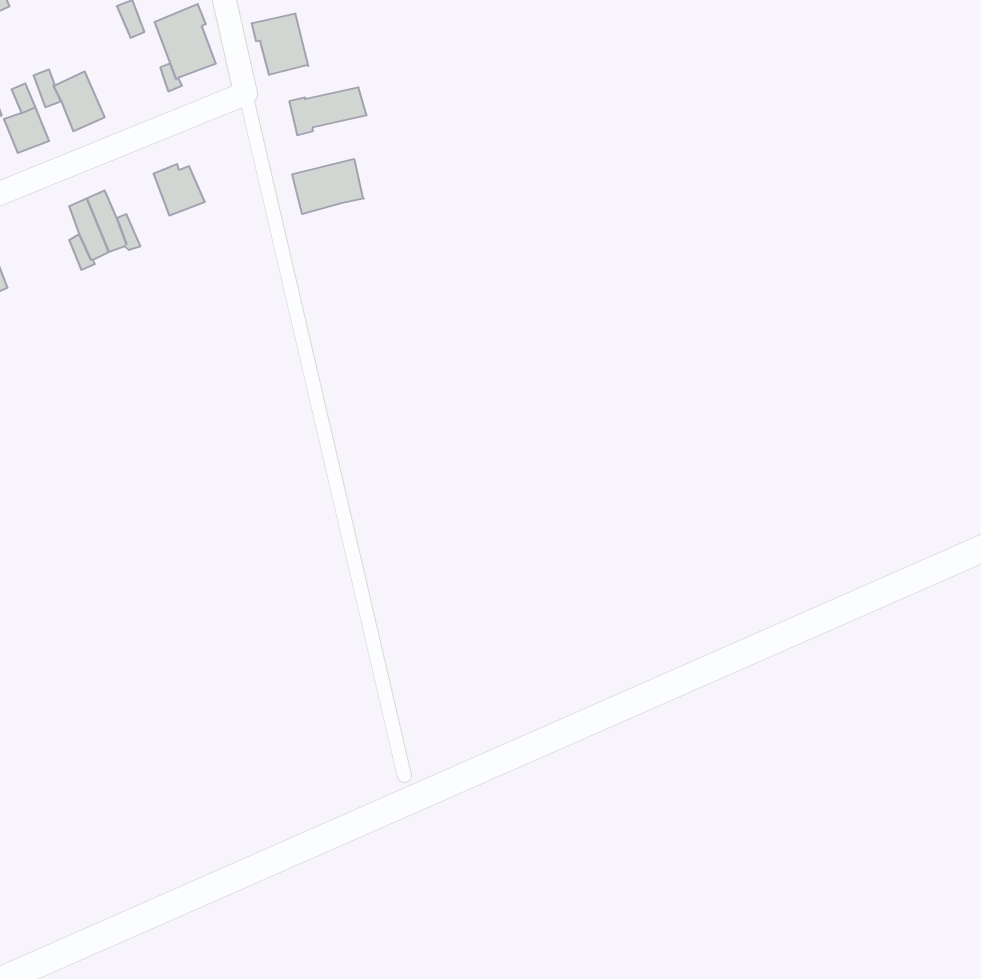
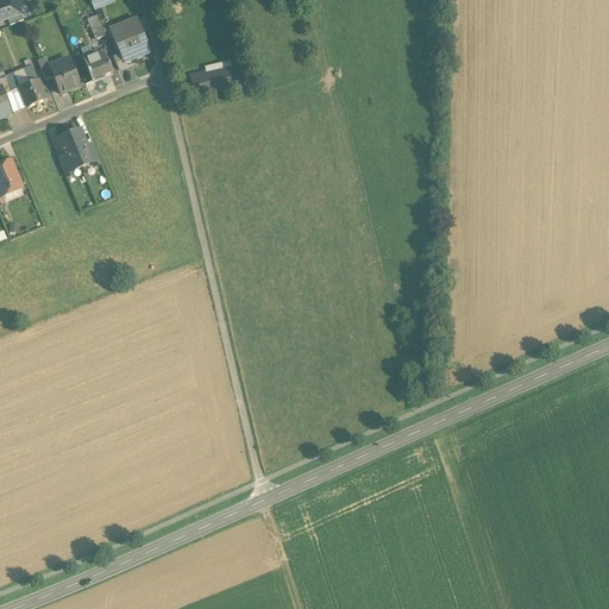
building: [252,13,308,75] -> none
building: [292,159,364,214] -> none
building: [153,164,205,216] -> [82,46,113,77]

